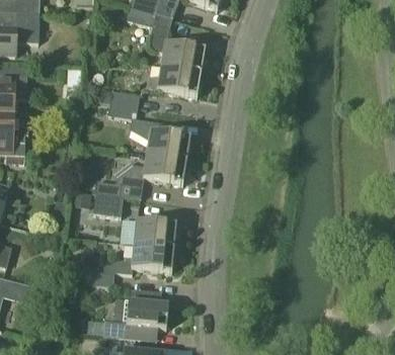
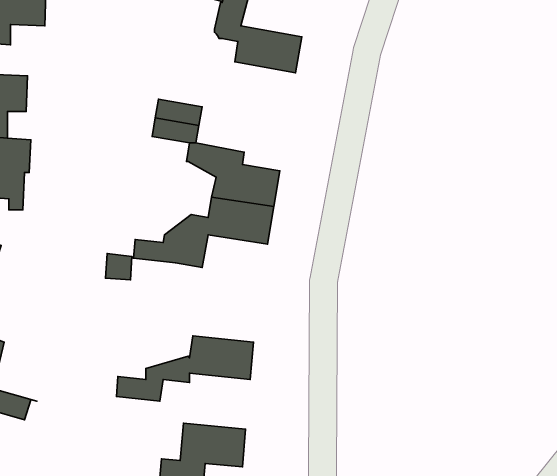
building: [148,65,202,95] -> none
building: [93,192,124,215] -> none
building: [135,218,177,247] -> none

